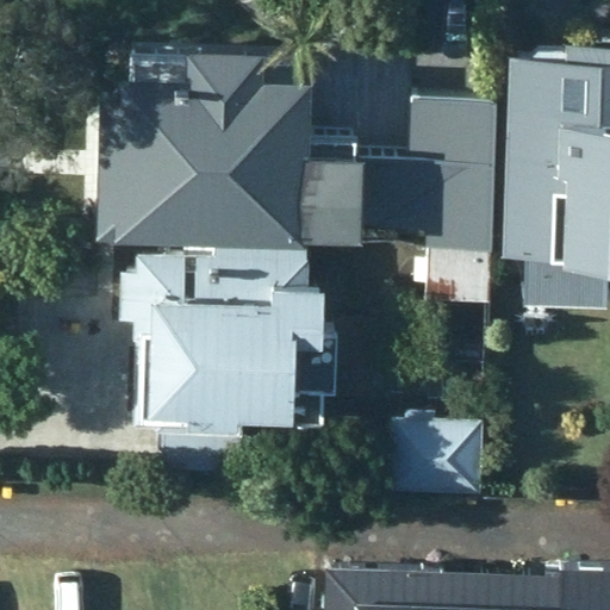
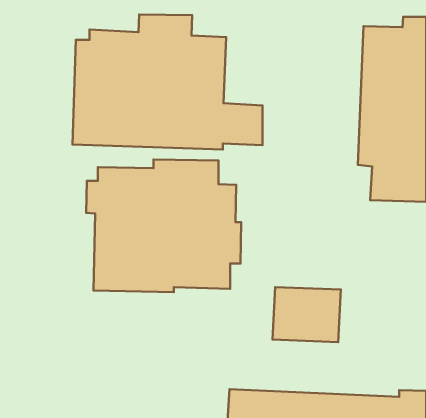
building: [400,88,498,307] -> none

